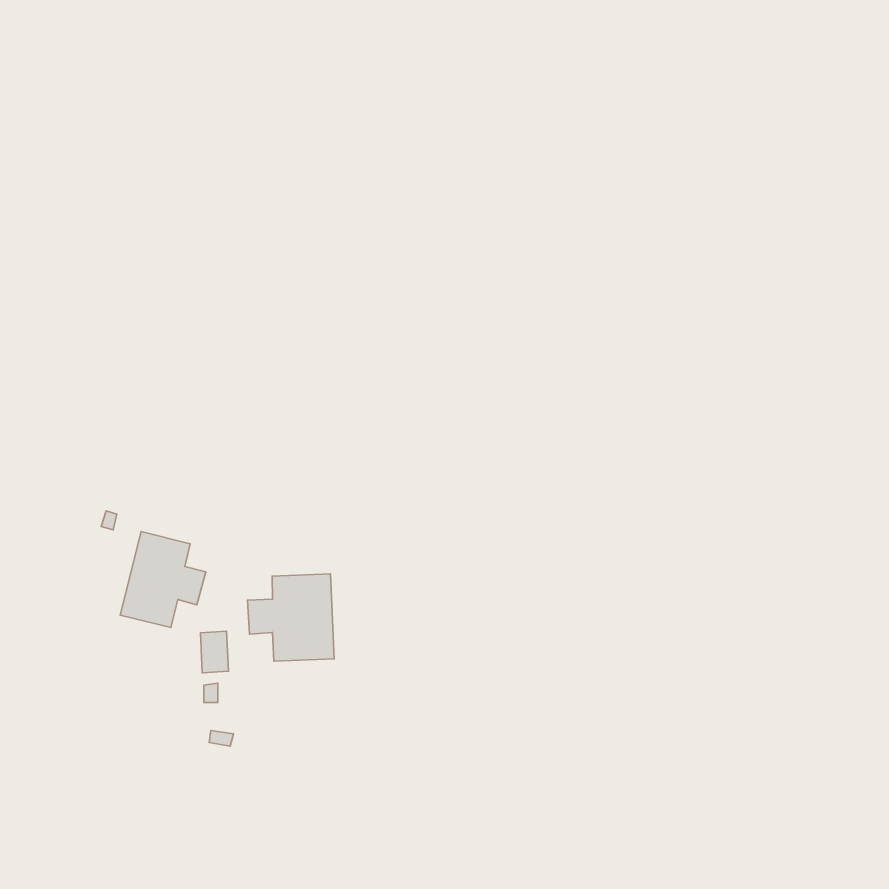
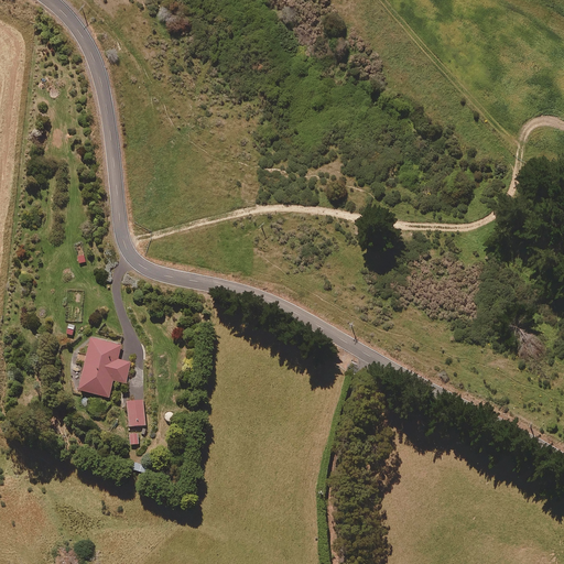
building: [248,574,334,661] -> none

